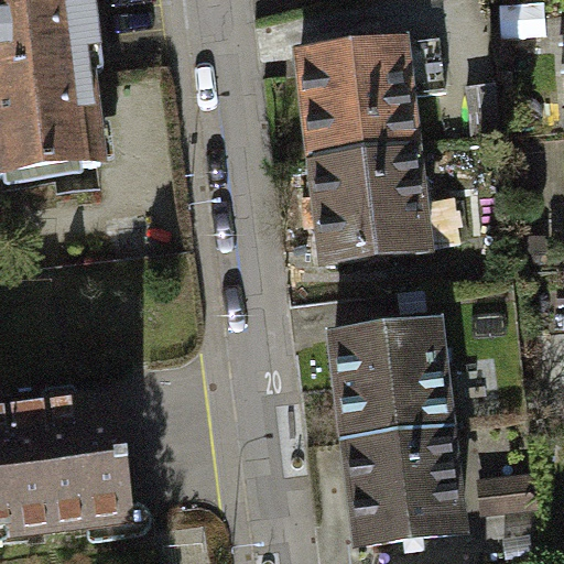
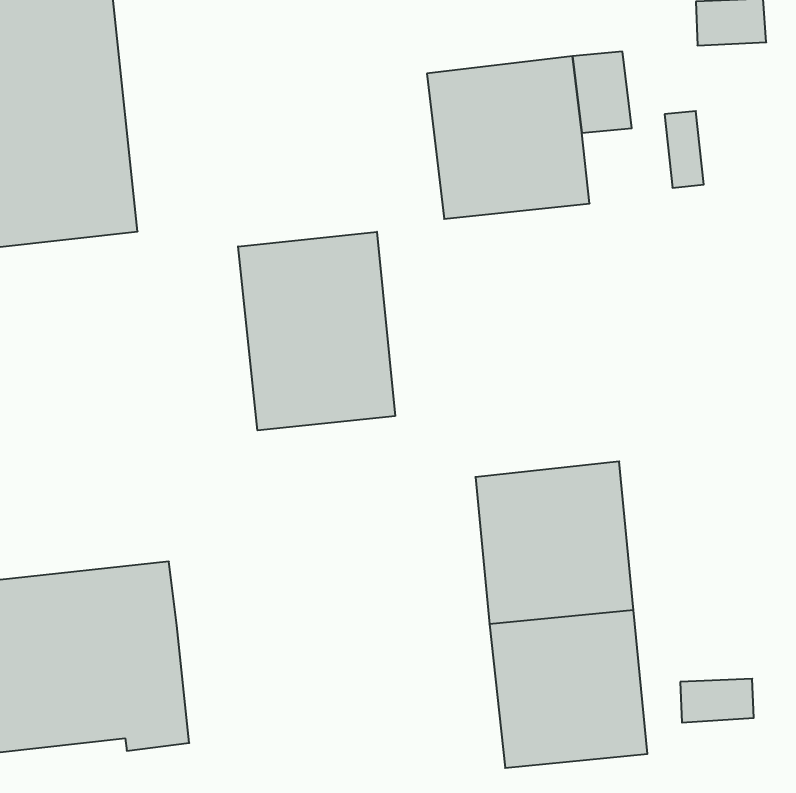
building: [313,143,427,260] -> none
building: none -> [238,232,395,430]

